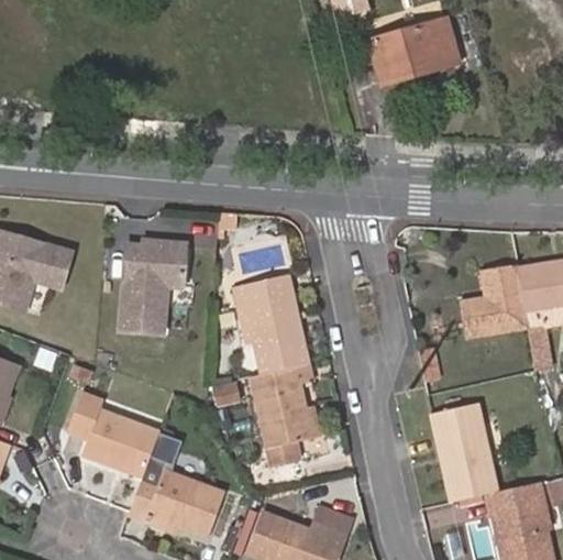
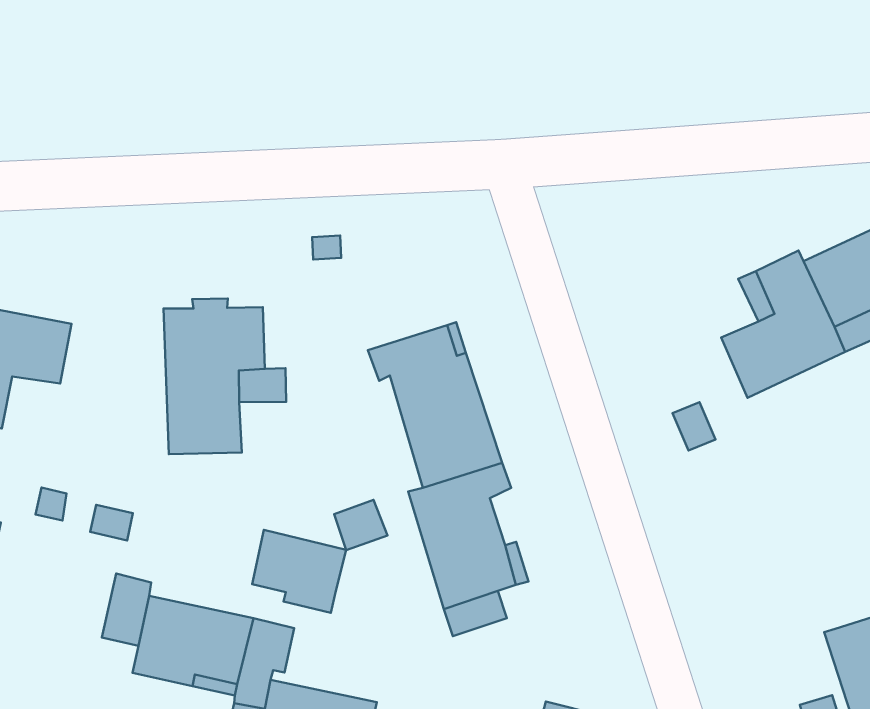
building: none -> [252,530,346,613]
building: [432,398,495,496] -> none

